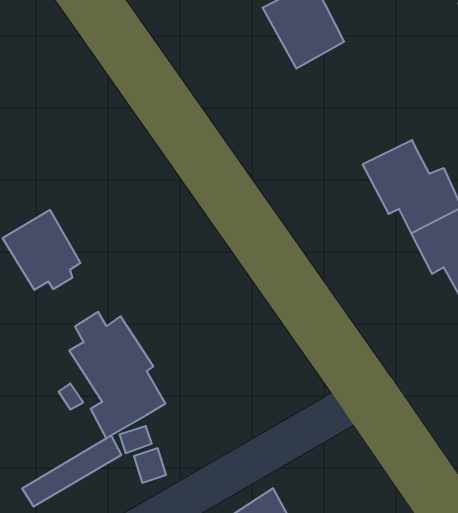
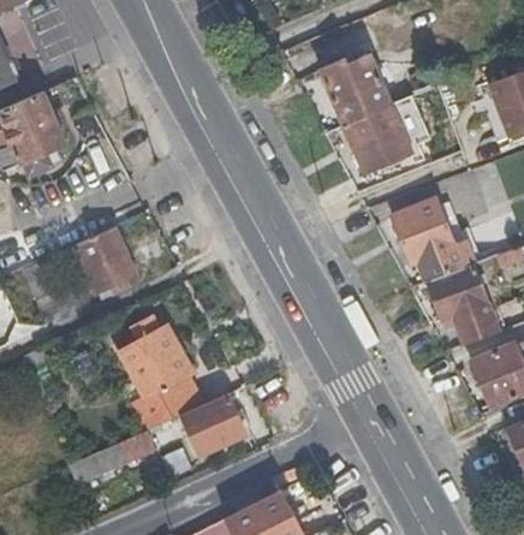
building: none -> [343,106,409,174]
building: none -> [179,393,245,454]

